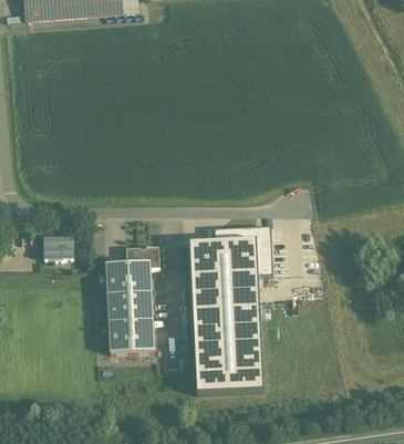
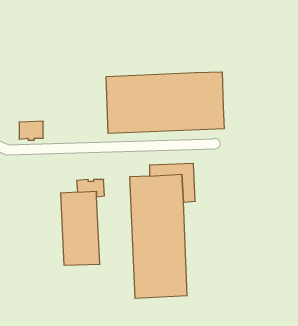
building: none -> [106,72,224,133]
building: [42,235,72,258] -> [19,121,43,140]

